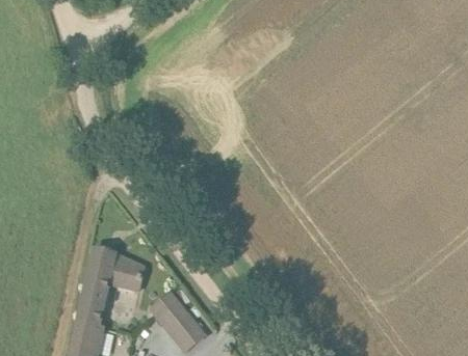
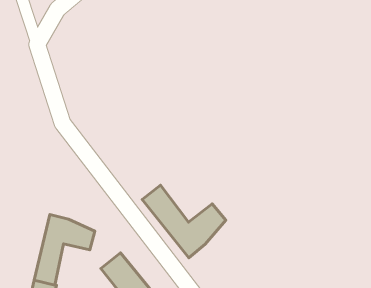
building: none -> [142,185,226,258]

